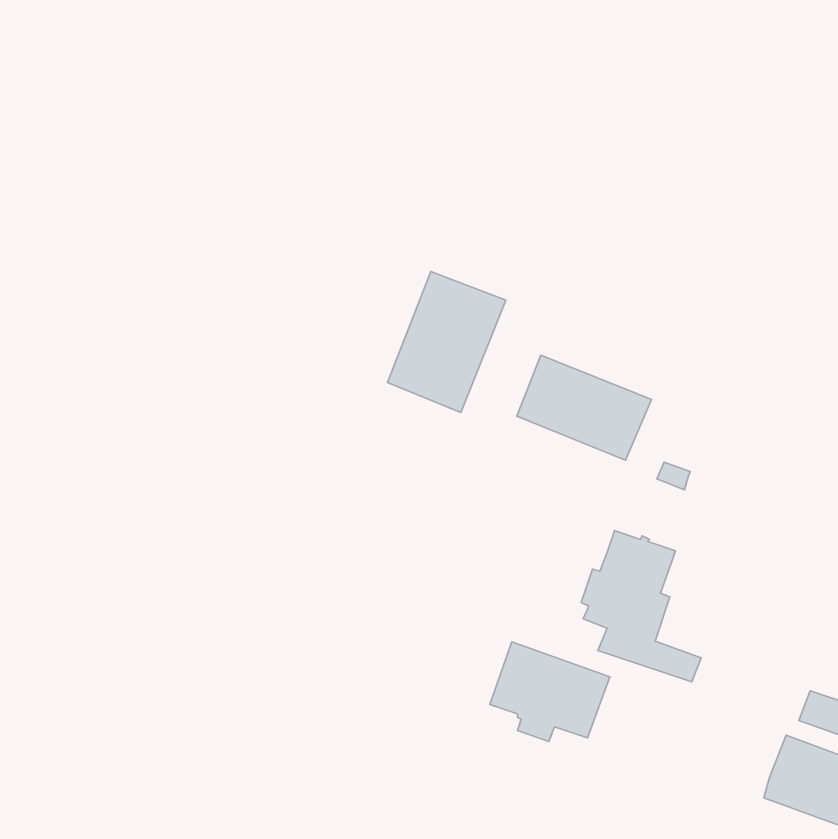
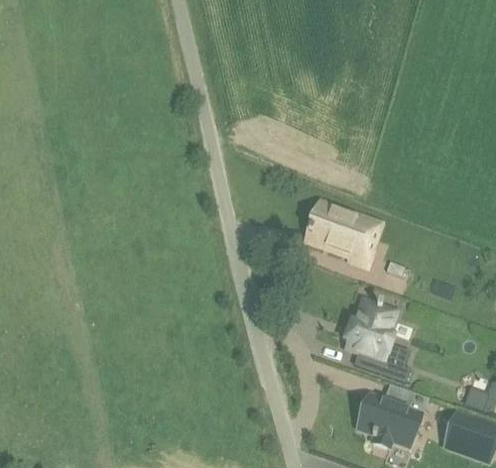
building: [387,272,506,412] -> none
building: [490,642,610,741] -> [357,392,422,447]

